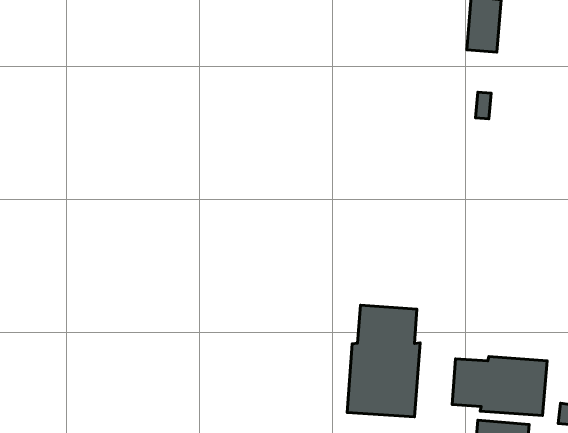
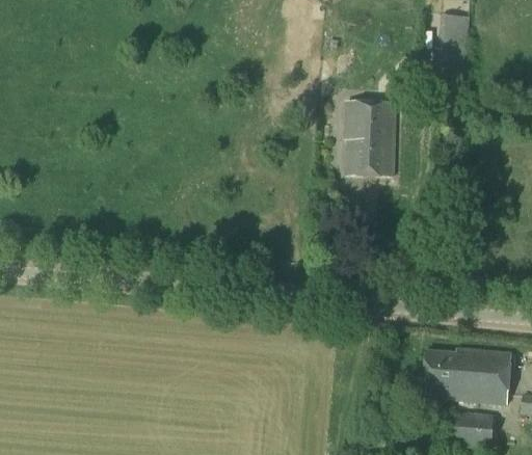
building: none -> [345,101,395,175]
building: [347,305,420,417] -> none

